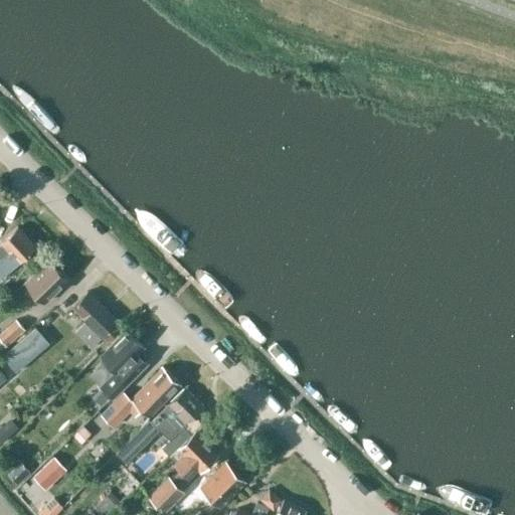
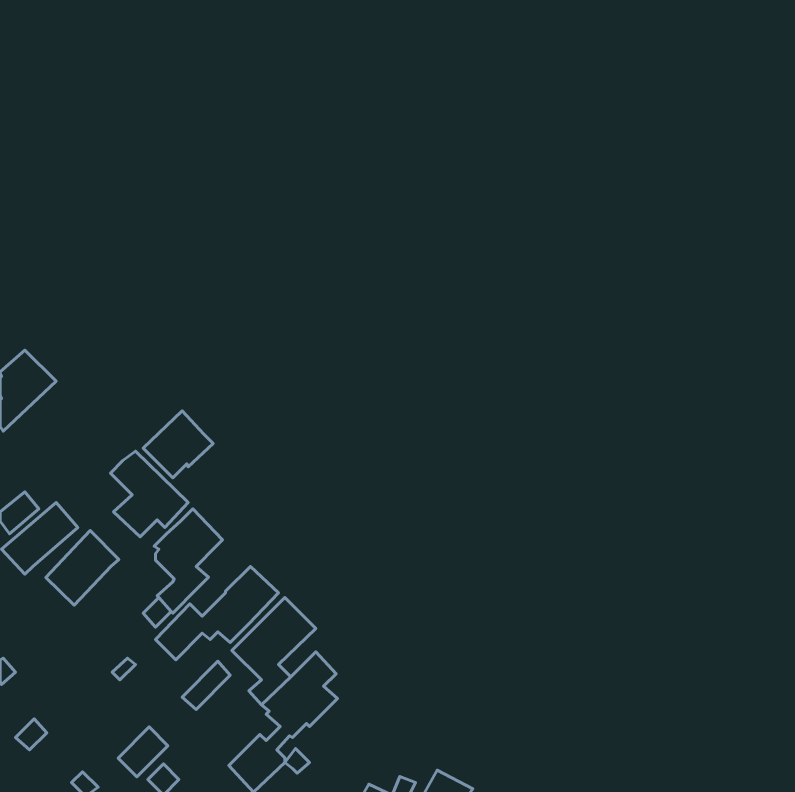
building: [24,260,69,303] -> [143,411,213,478]
building: none -> [46,530,119,605]
building: [32,461,64,493] -> [118,727,168,777]
building: [199,462,244,508] -> none

